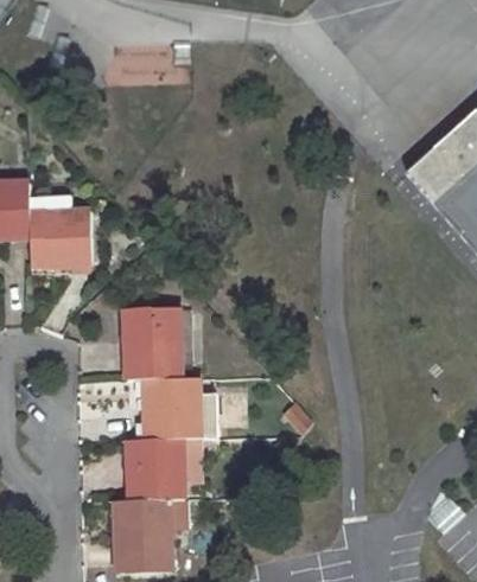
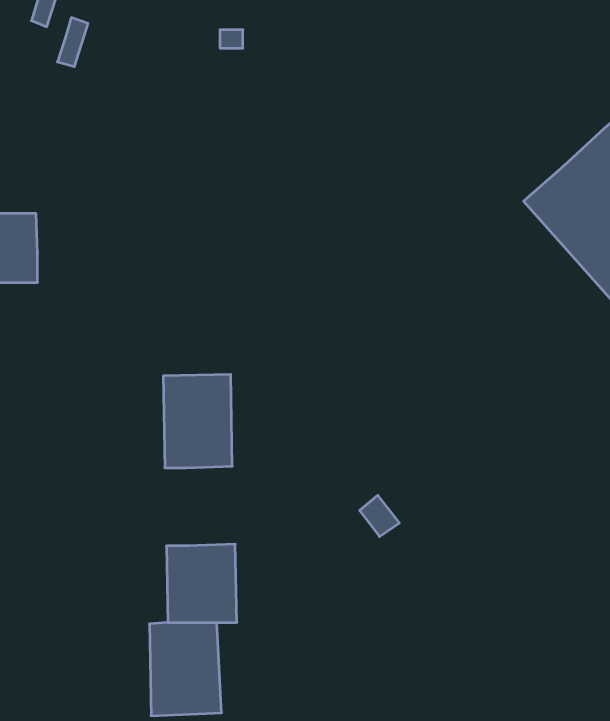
building: [31,211,94,266] -> none
building: [146,377,217,440] -> none

